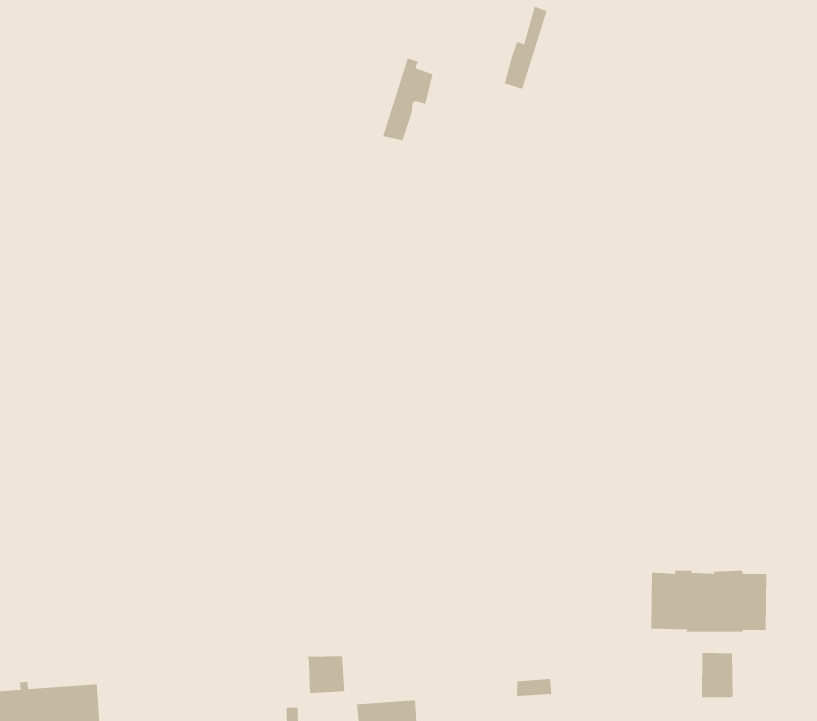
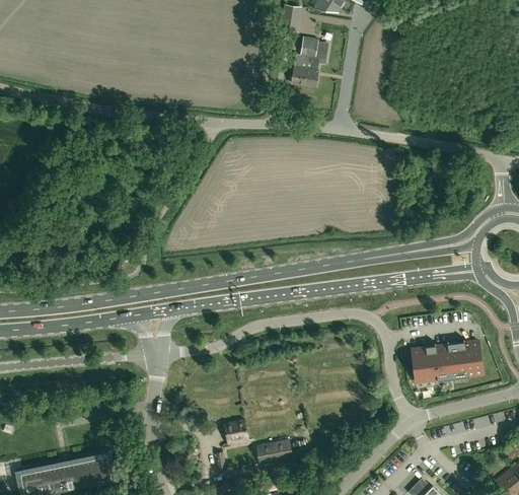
building: [382,58,434,141] -> [303,38,327,85]
building: [701,652,734,698] -> none

